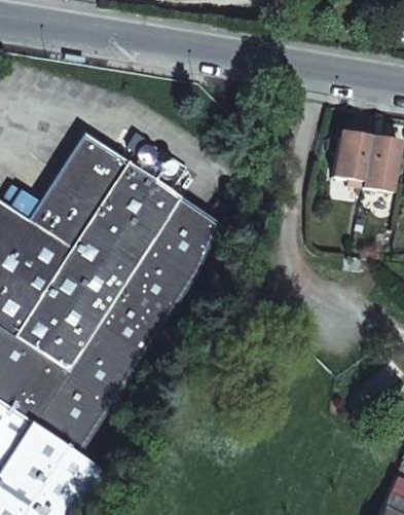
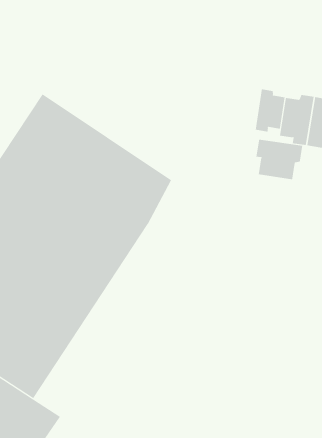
building: none -> [255,88,285,132]
building: none -> [256,139,303,180]

